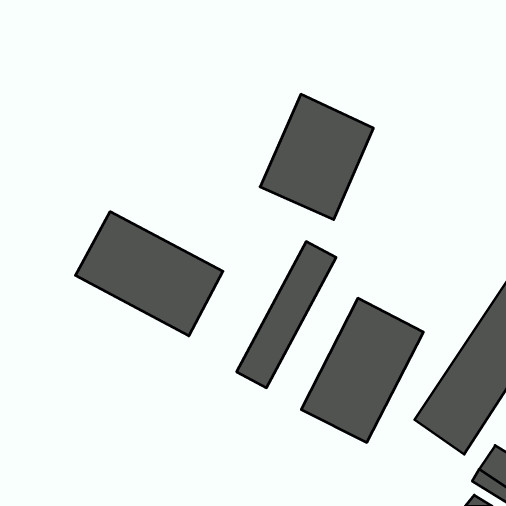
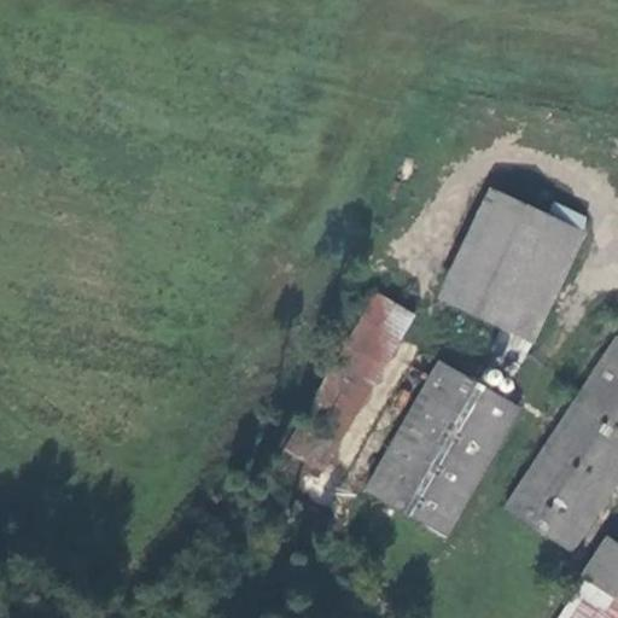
building: [260,94,373,220] -> [441,185,578,337]
building: [75,212,223,336] -> none

